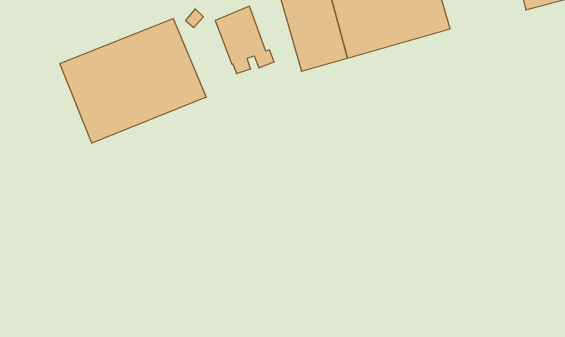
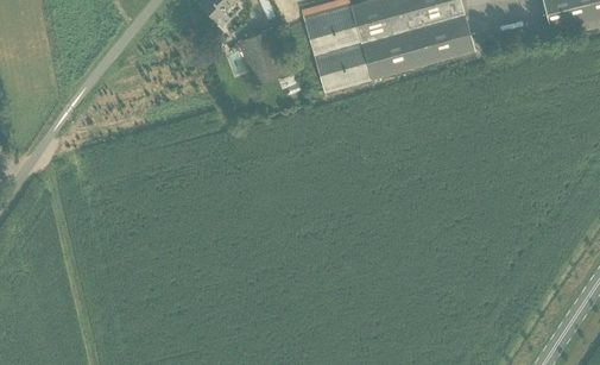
building: [60,19,206,143] -> none

